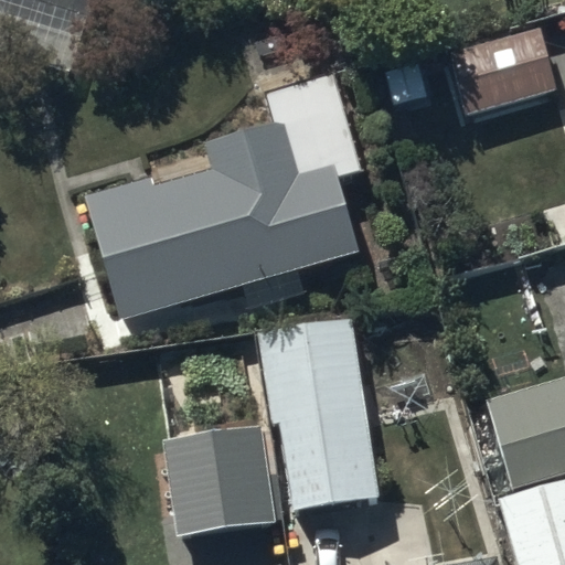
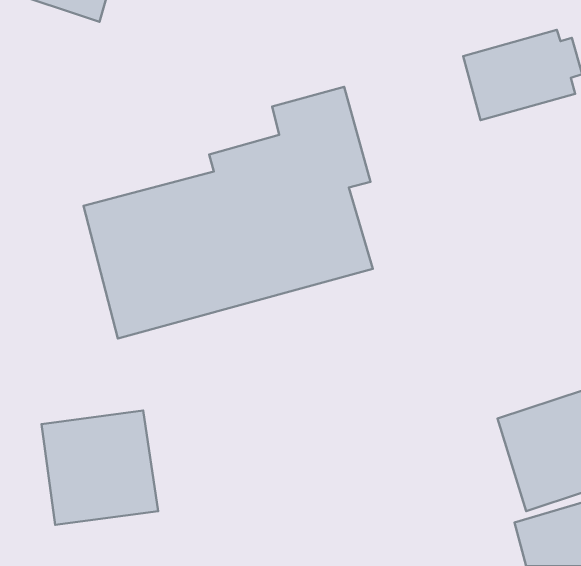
building: [256,318,377,514] -> none
building: [166,427,278,537] -> [41,410,158,525]

